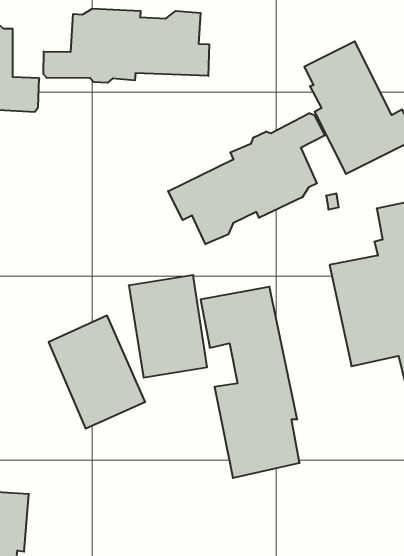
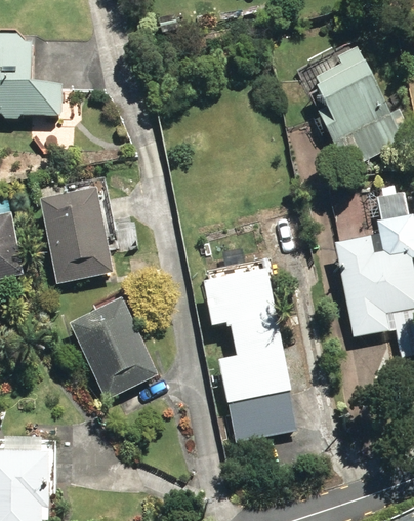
building: [43,8,209,83] -> none
building: [168,113,325,244] -> none
building: [129,275,207,378] -> [43,187,113,278]

